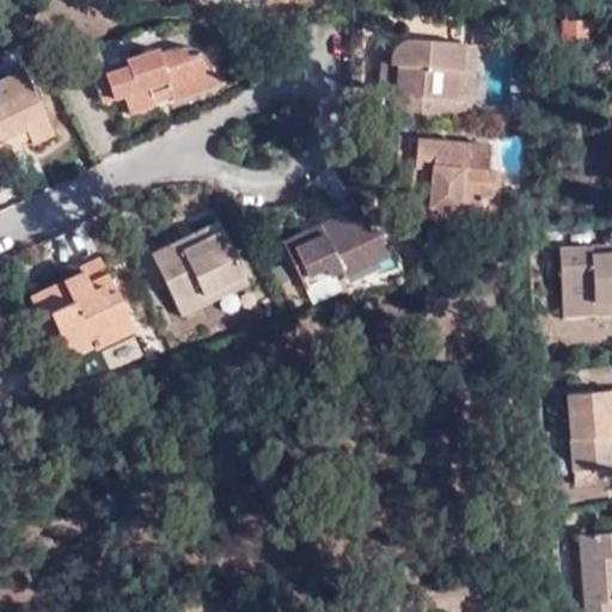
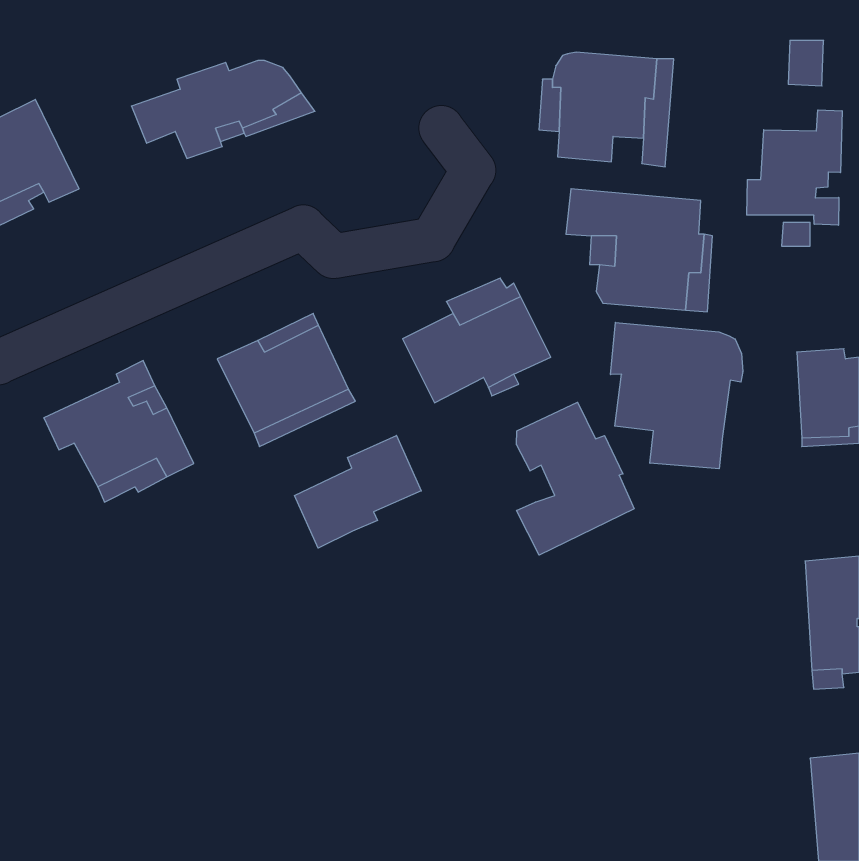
building: none -> [747,110,842,225]
building: none -> [611,322,743,469]
building: none -> [516,402,634,555]
building: none -> [294,435,421,548]

